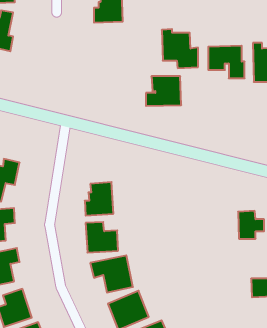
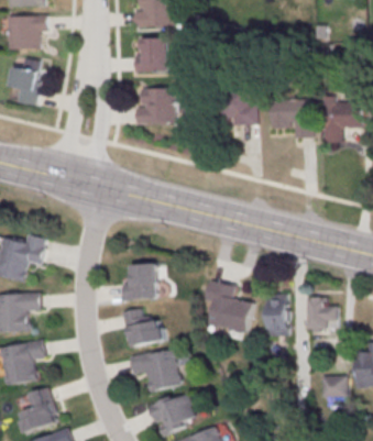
building: [146,76,181,106] -> [134,88,176,123]
building: none -> [204,278,252,333]
building: none -> [265,294,286,337]

